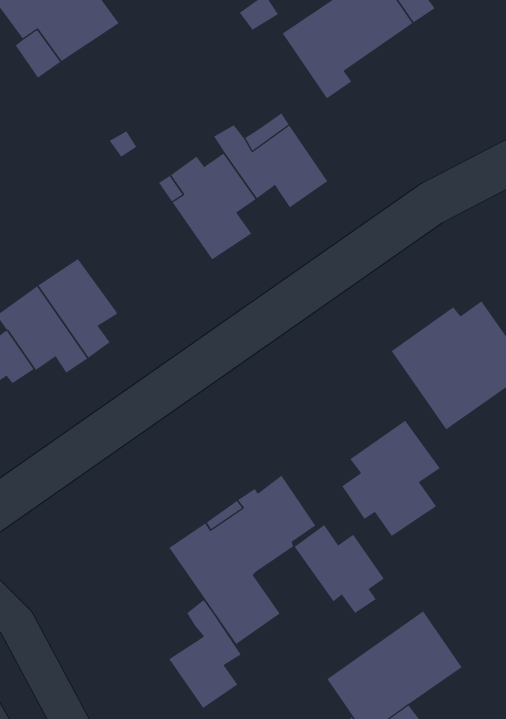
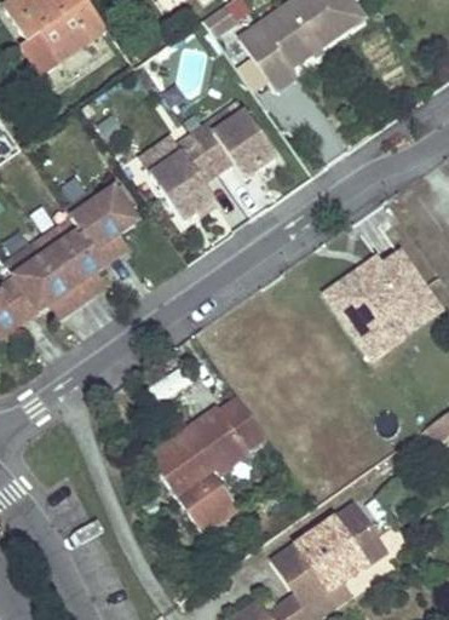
building: none -> [67,189,138,262]
building: [342,420,440,537] -> none
building: [294,524,384,614] -> none
building: [168,599,242,709] -> none

